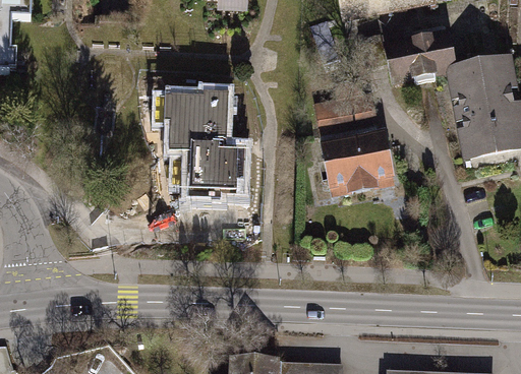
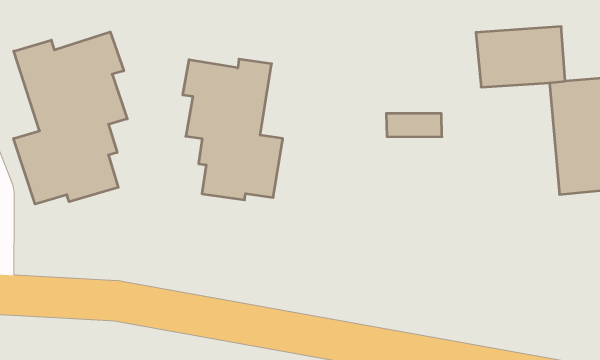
building: none -> [14,32,127,204]
building: [322,131,391,193] -> none

